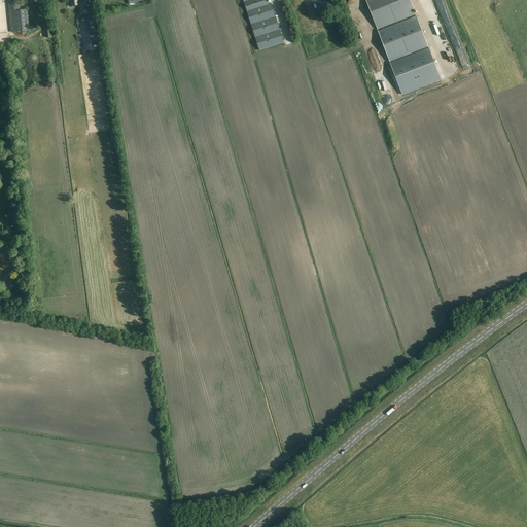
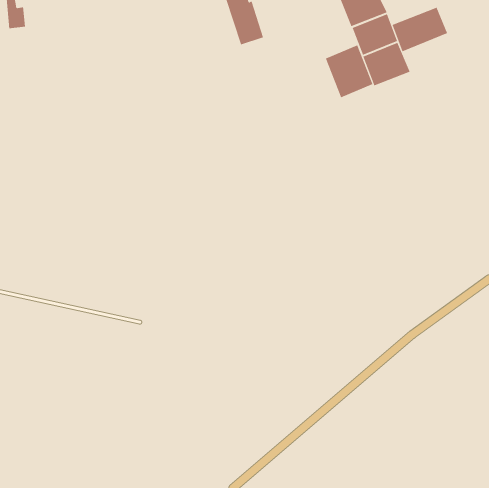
building: none -> [392,7,448,52]
building: none -> [325,44,373,98]

